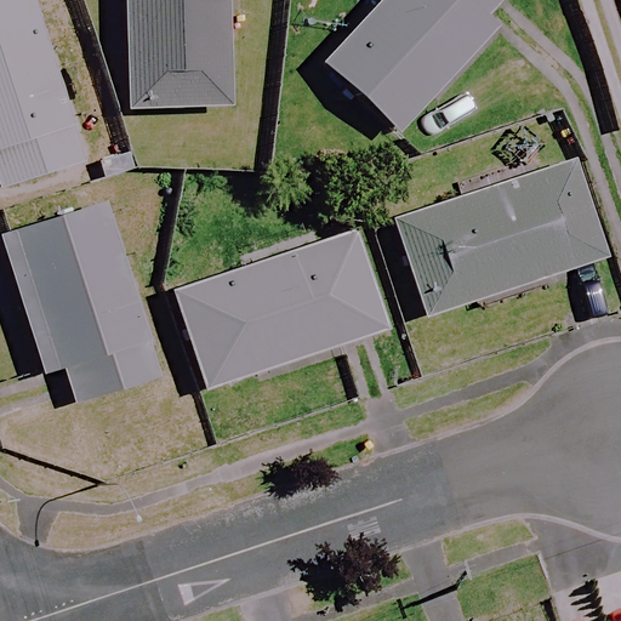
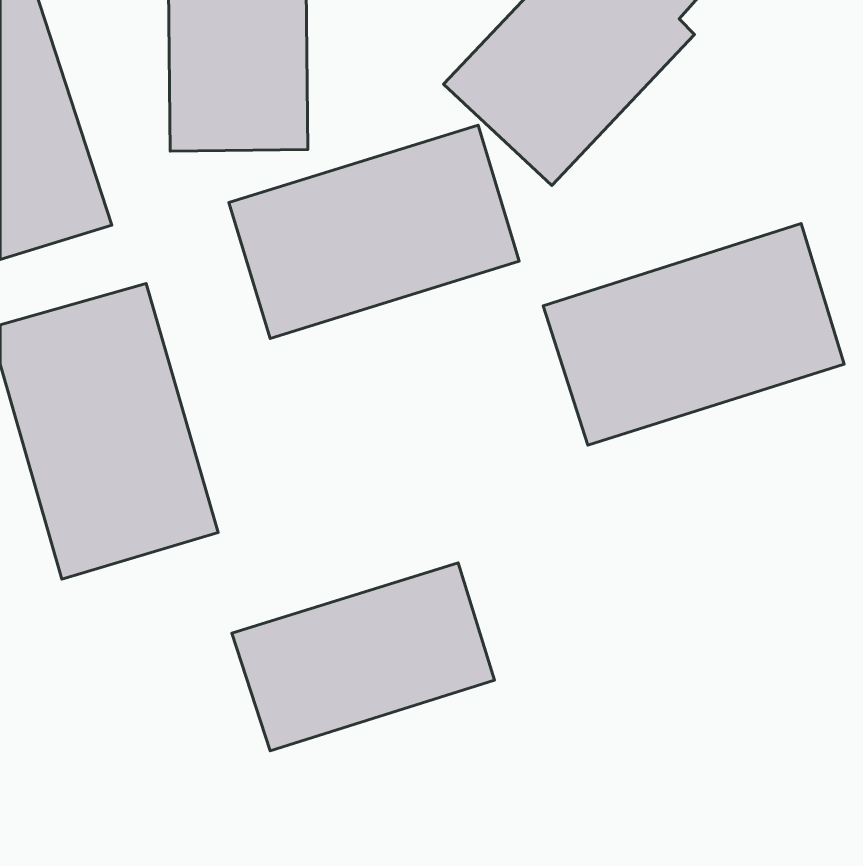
building: [180,233,384,383] -> [229,125,519,338]
building: none -> [232,563,495,751]

